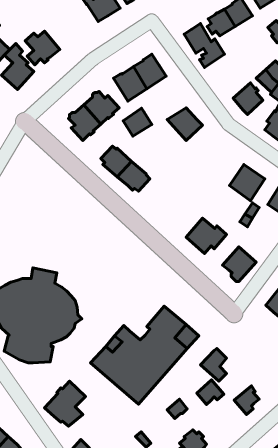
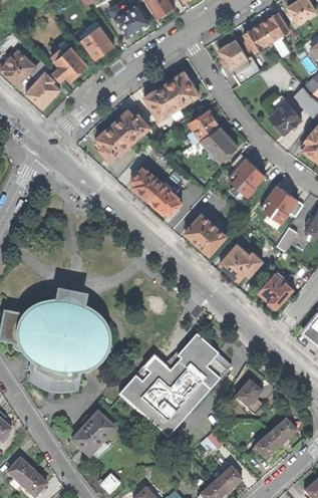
building: none -> [81,25,114,59]
building: [123,108,152,136] -> [190,109,220,139]
building: none -> [230,158,270,198]
building: none -> [185,213,225,253]
building: [197,380,224,405] -> [255,433,283,459]

